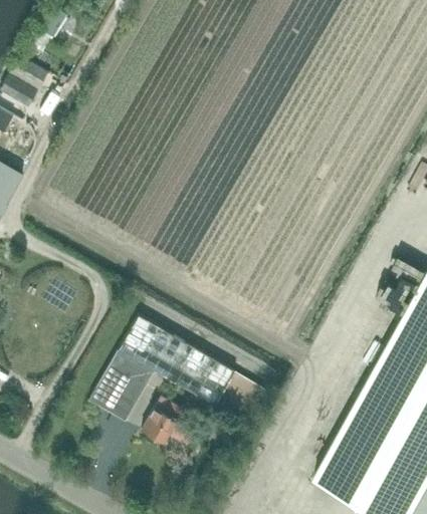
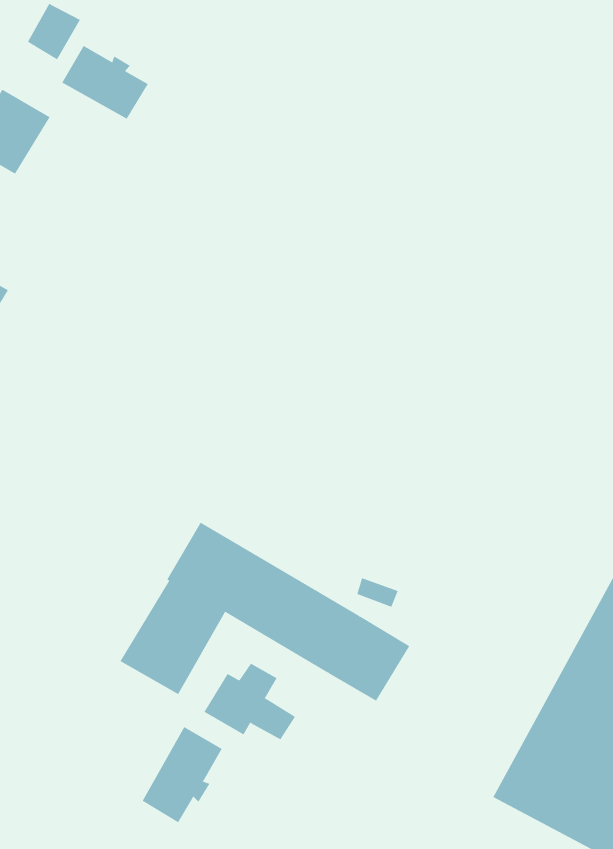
building: none -> [61,45,148,120]
building: none -> [142,726,223,823]

